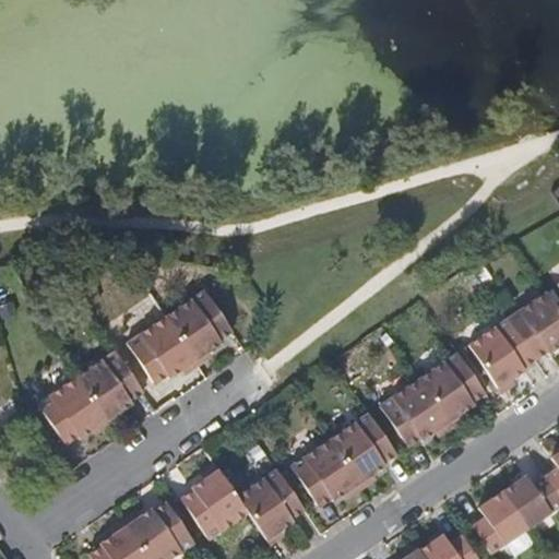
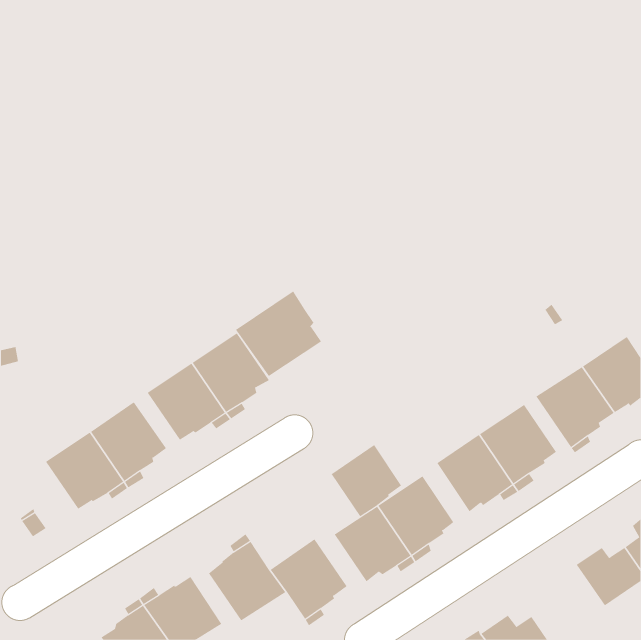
building: none -> [235,291,322,377]
building: none -> [331,444,402,517]
building: [471,491,526,552] -> none

